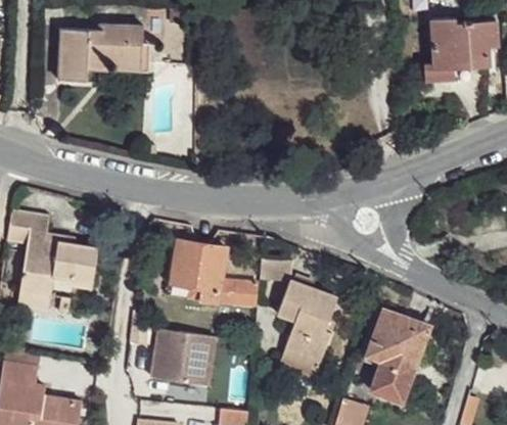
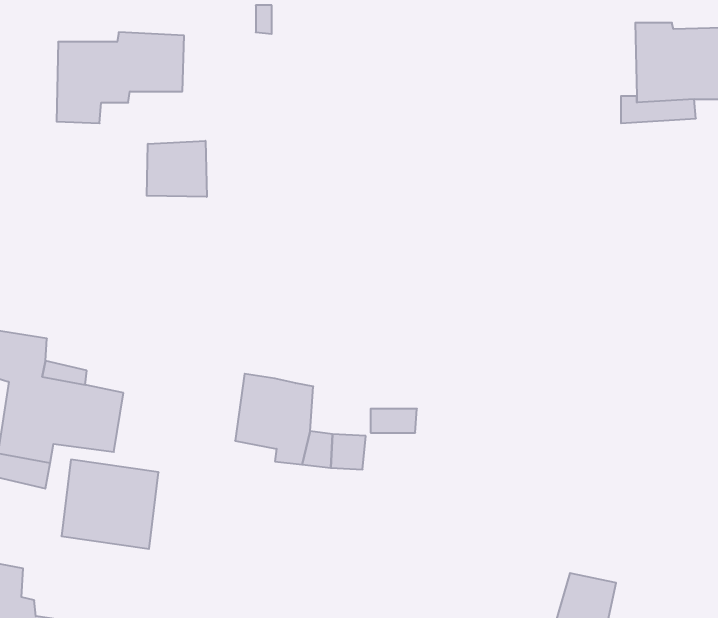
building: none -> [147,141,207,197]
building: [278,279,336,370] -> none
building: [372,316,429,375] -> none
building: [150,328,213,385] -> [61,460,159,549]

